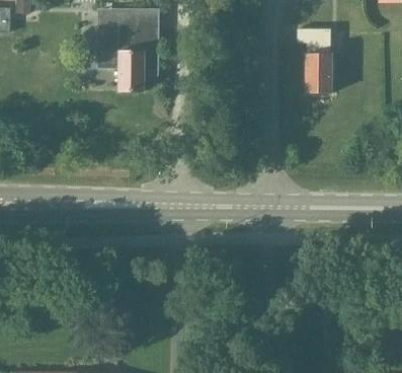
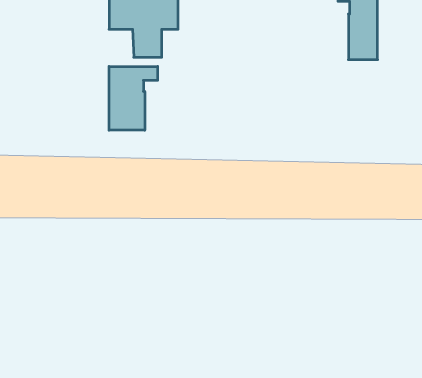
building: none -> [109,66,158,130]

